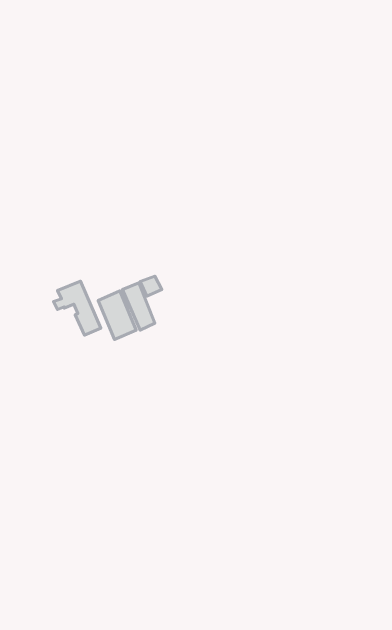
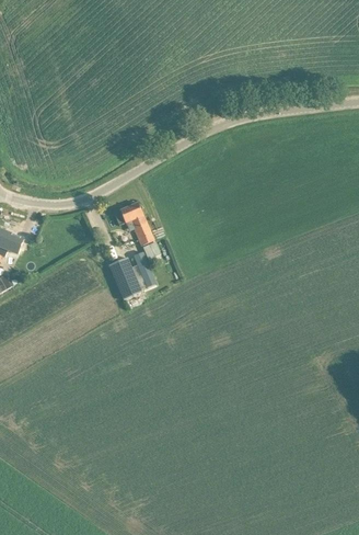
building: [53,281,101,335] -> [116,201,154,244]

